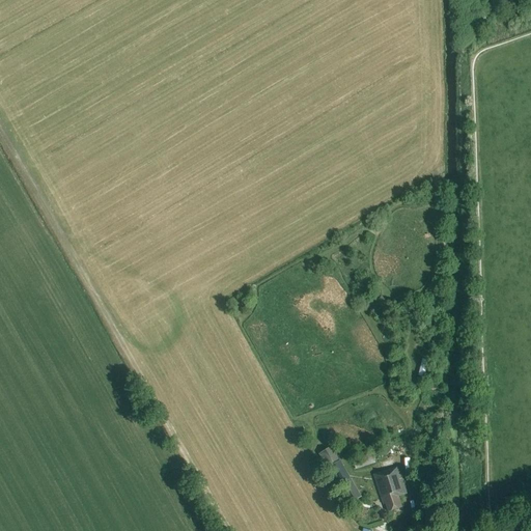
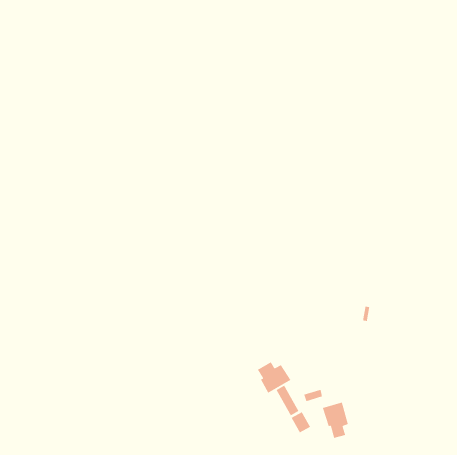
building: none -> [257,361,292,394]

